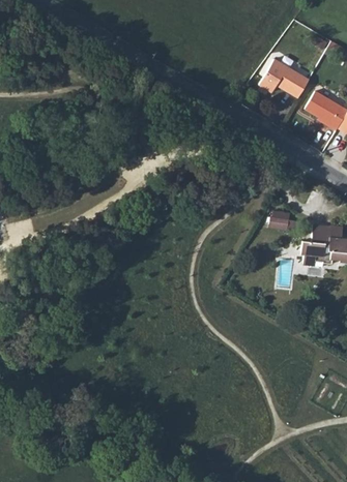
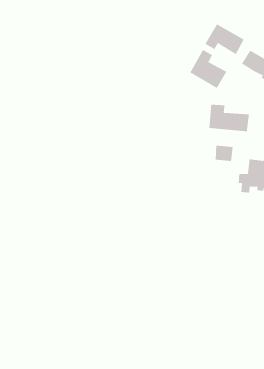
building: none -> [189,49,227,89]
building: none -> [209,104,249,132]

